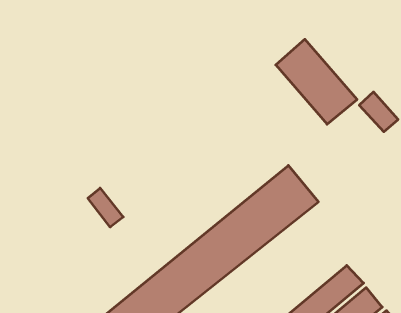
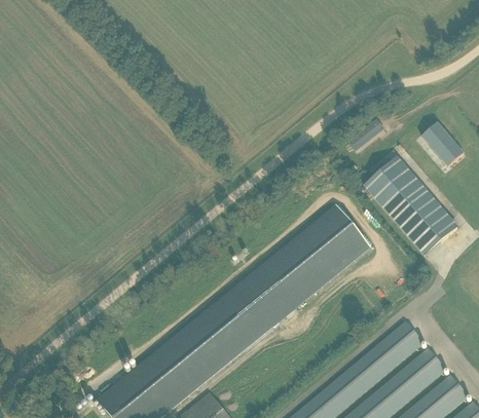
building: [276,39,357,124] -> [364,156,458,255]
building: [88,188,123,227] -> none

